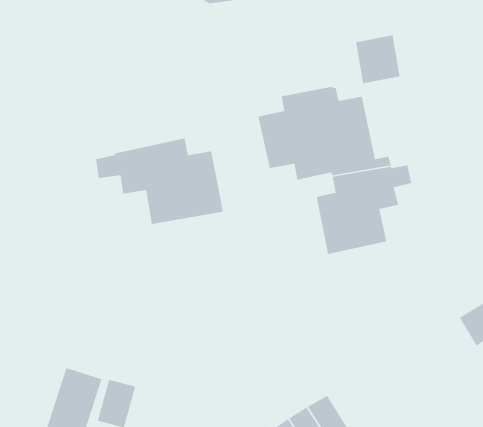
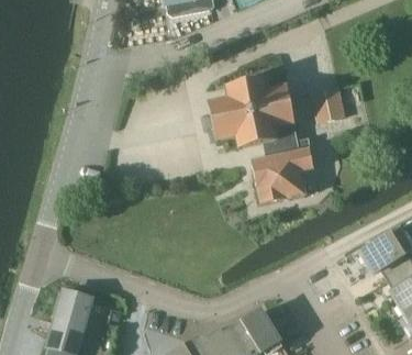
building: [355,35,400,84] -> [312,88,346,125]
building: [95,138,224,225] -> none

